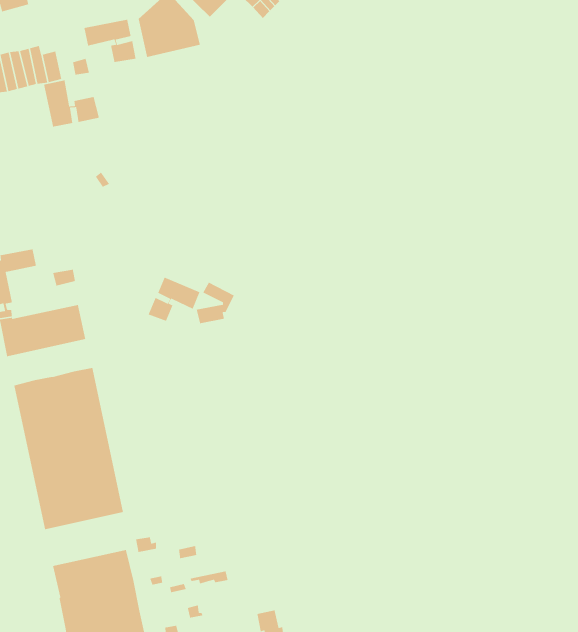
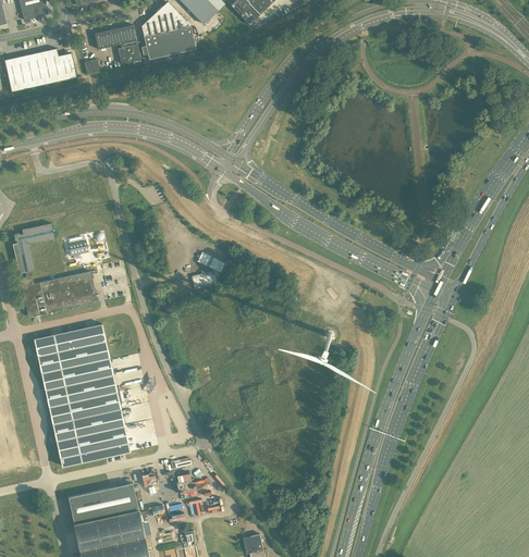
building: [43,80,100,128] -> none
building: [148,277,201,322] -> none

